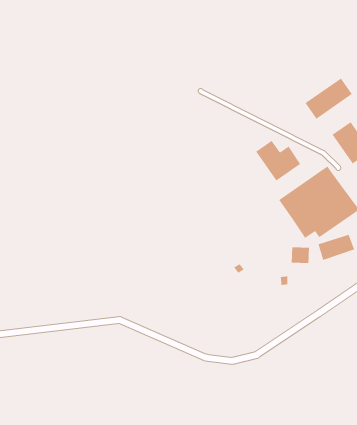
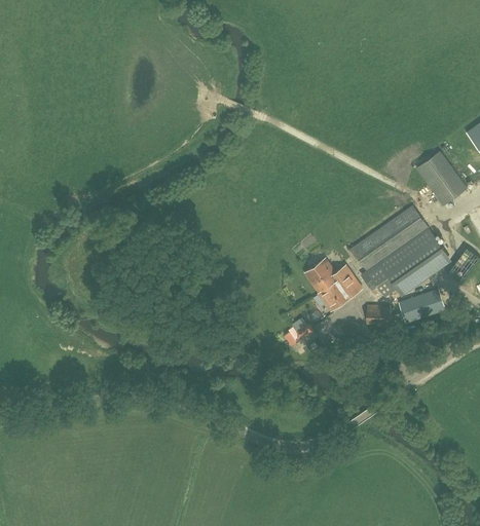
building: [304,77,353,120] -> none
building: [255,140,301,182] -> [304,257,361,308]

